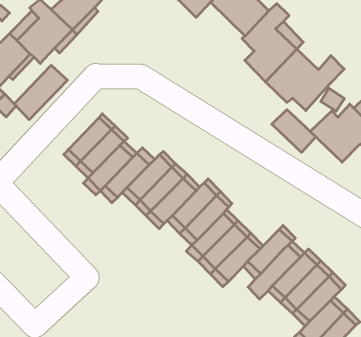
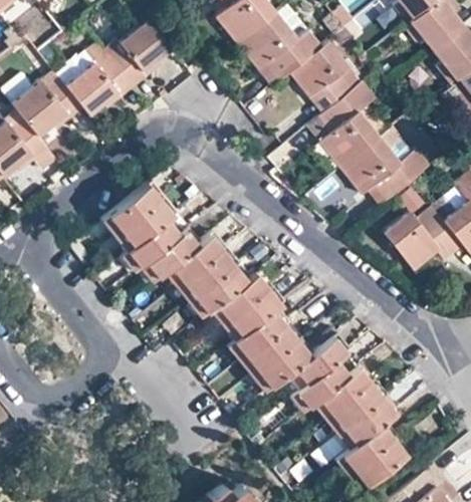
building: [14,65,67,120] -> none
building: [272,110,316,152] -> none

